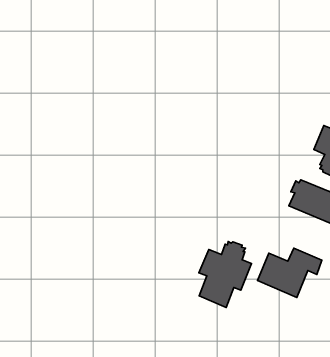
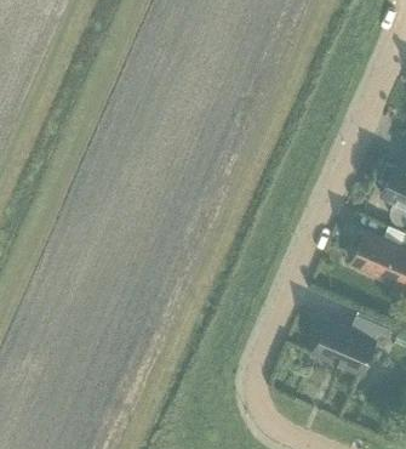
building: [199,241,252,307] -> none

